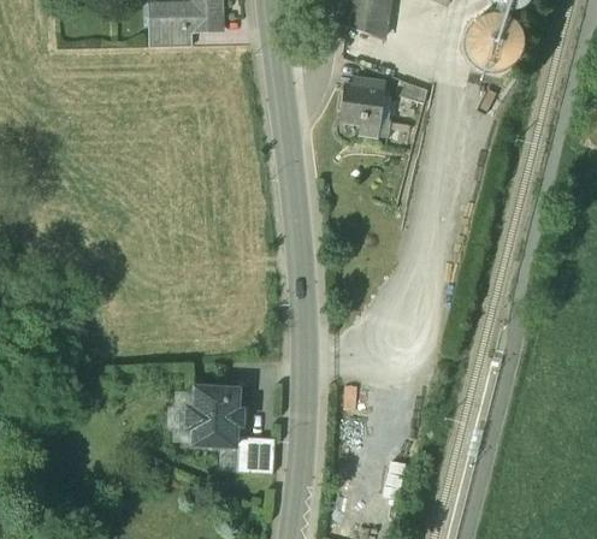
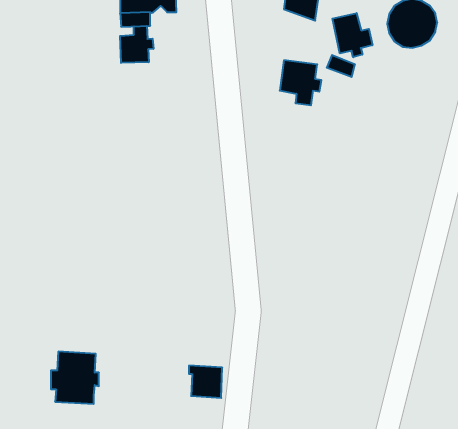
building: none -> [332,13,372,57]
building: none -> [120,26,153,63]
building: [187,385,242,445] -> [51,352,99,404]

